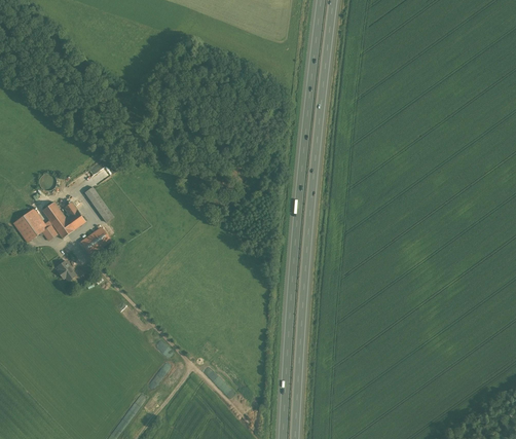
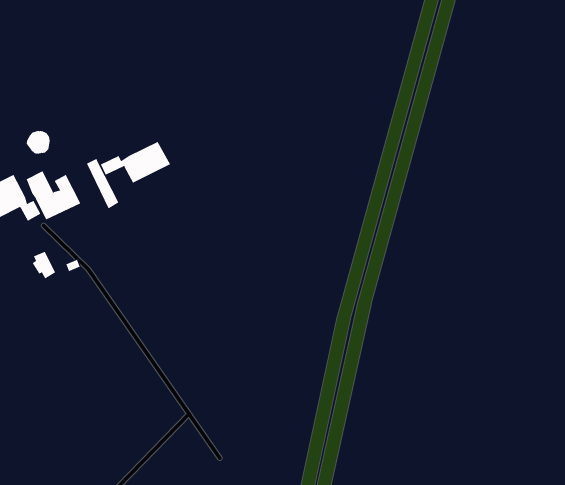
building: none -> [100,141,171,183]
building: [80,226,110,254] -> none

